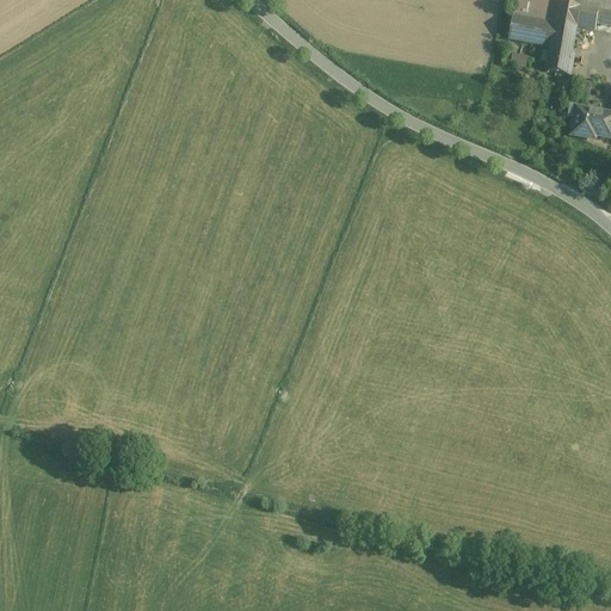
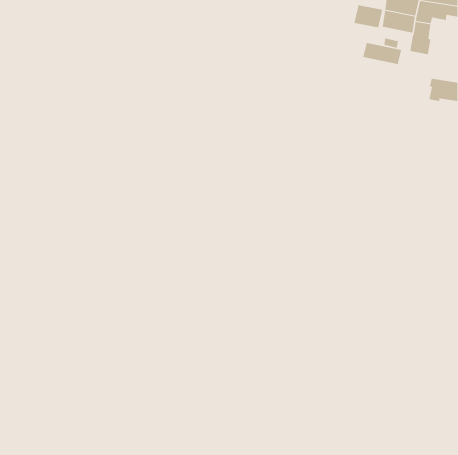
building: none -> [354,4,383,28]
building: none -> [363,42,402,65]

